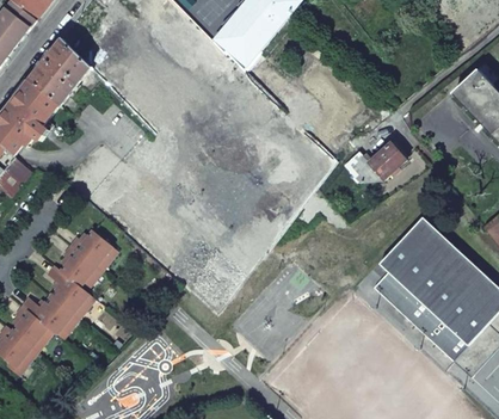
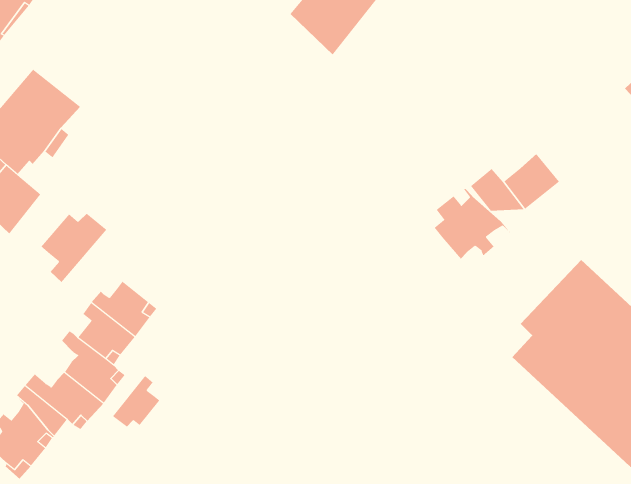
building: [26,36,91,106] -> none
building: none -> [434,188,512,259]
building: none -> [40,213,107,283]
building: none -> [112,375,160,427]

